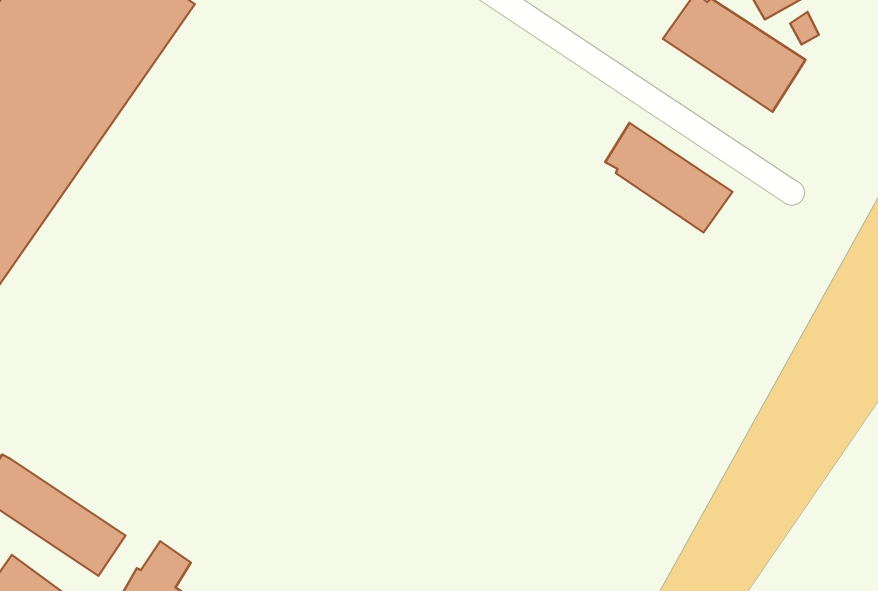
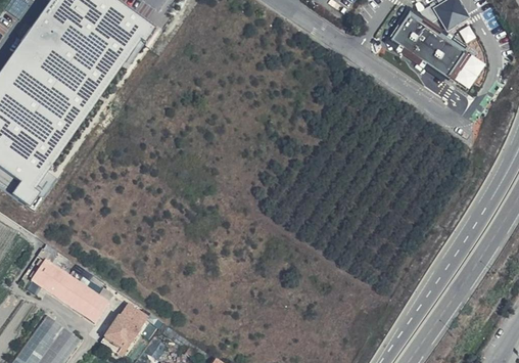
building: none -> [451,50,483,89]
building: [605,123,733,233] -> none

